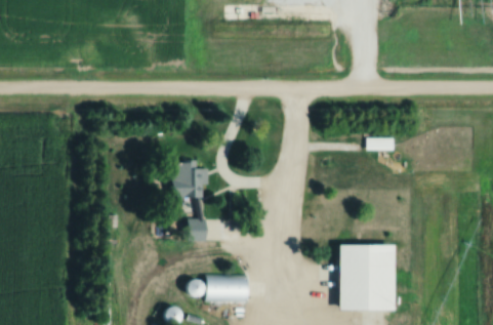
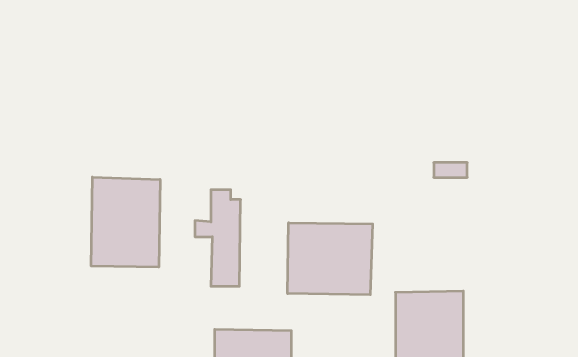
building: none -> [91,177,160,267]
building: none -> [288,223,373,295]

